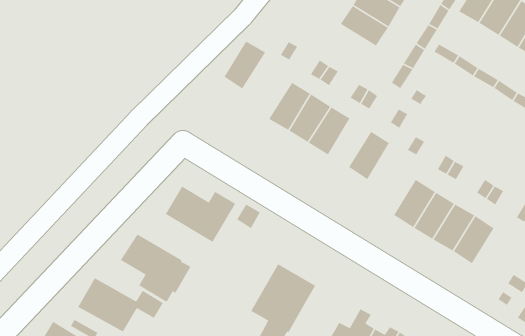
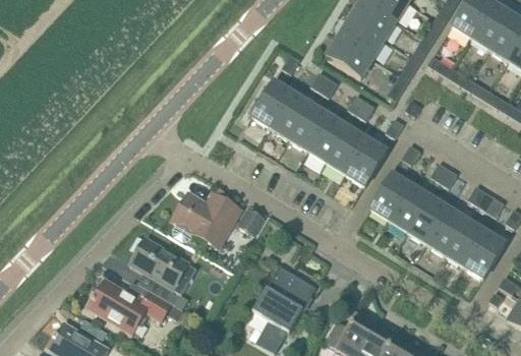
building: none -> [328,38,373,78]
building: [223,40,266,89] -> [252,81,293,128]
building: none -> [328,127,368,174]
building: none -> [371,174,411,220]
building: none -> [465,232,506,278]

